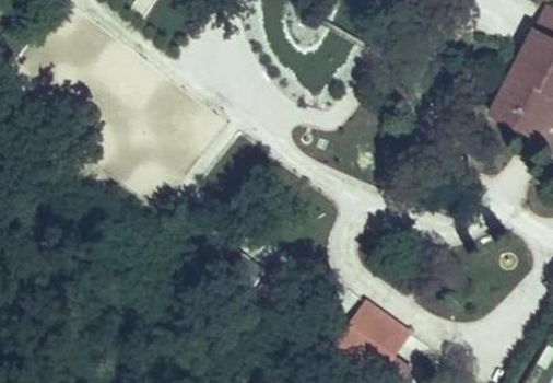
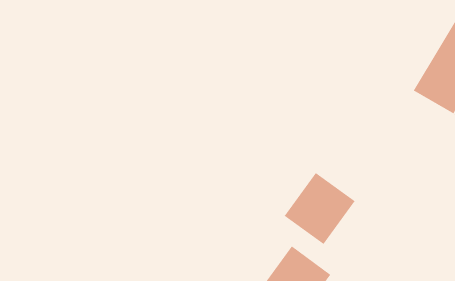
building: none -> [284,172,356,245]

